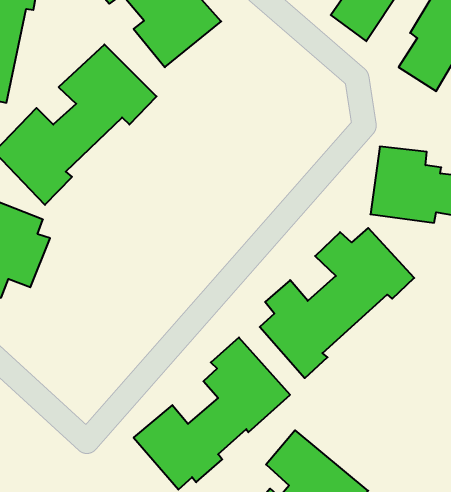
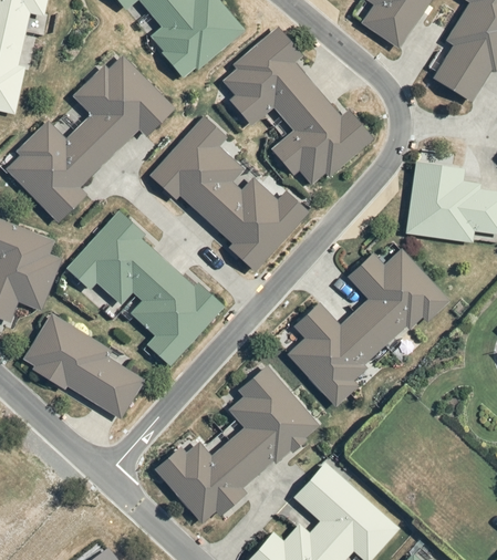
building: none -> [213,27,375,193]
building: none -> [152,115,310,268]
building: none -> [66,210,226,369]
building: none -> [22,313,143,419]

